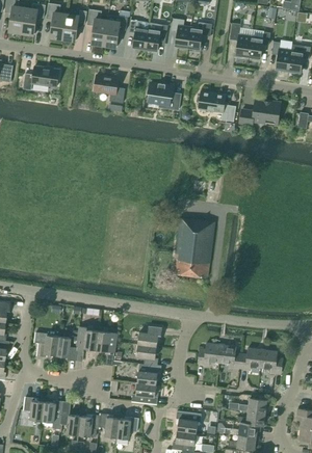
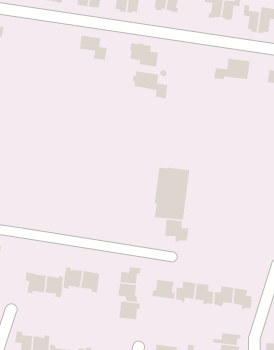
building: [22,65,58,89] -> none
building: [196,90,235,122] -> [132,70,168,99]
building: none -> [164,219,189,242]
building: [131,382,157,404] -> [152,279,175,299]

